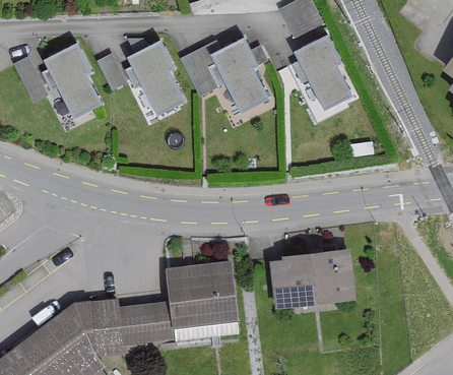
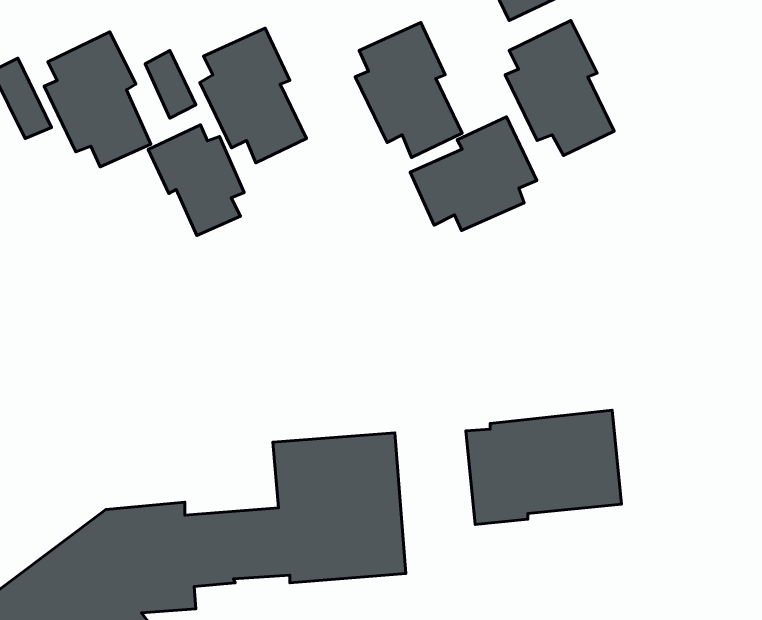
building: [180,51,215,97] -> none
building: none -> [410,117,537,231]
building: none -> [148,125,244,236]

